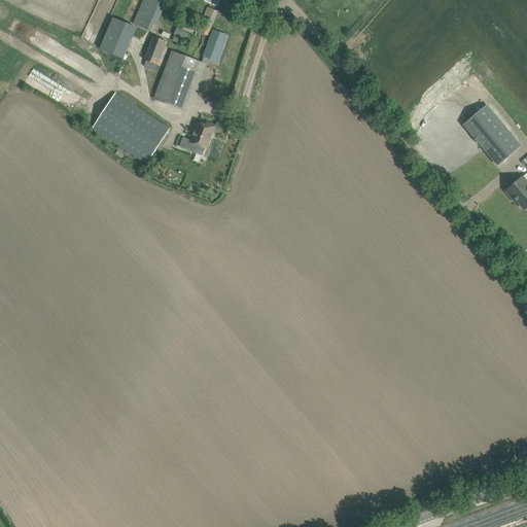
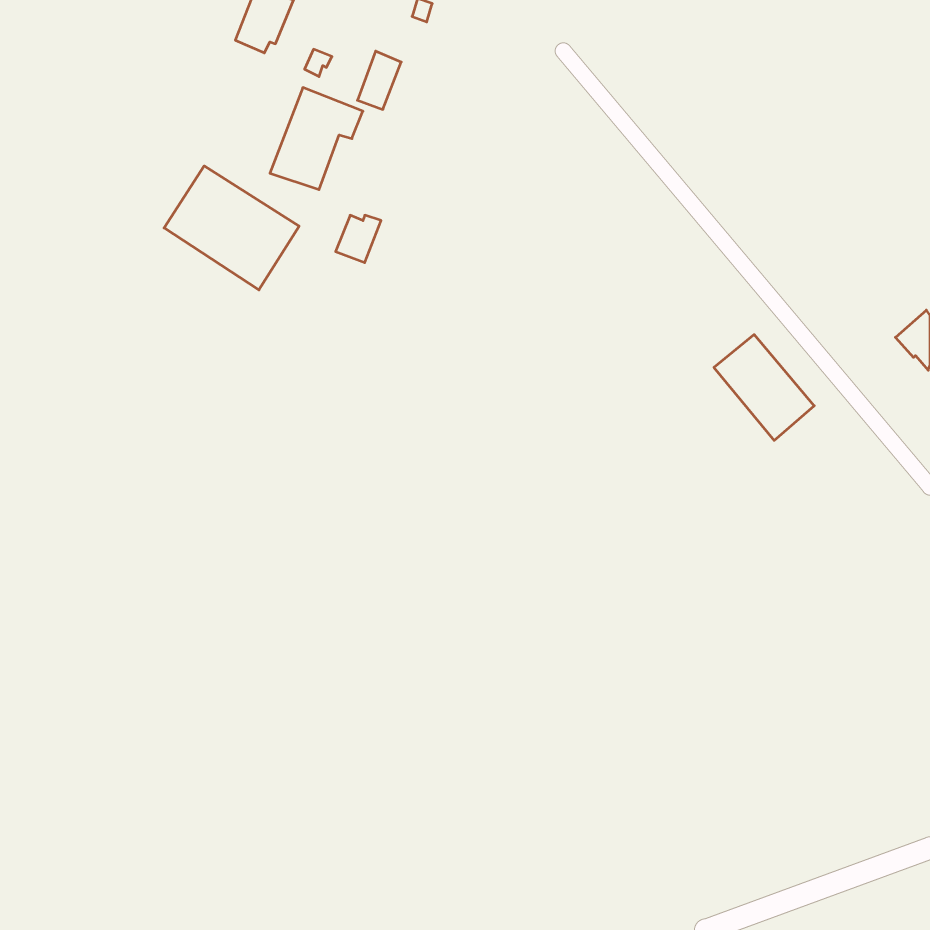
building: [99,16,136,58] -> none
building: [142,35,167,70] -> none
building: [463,105,520,165] -> [714,335,814,440]

